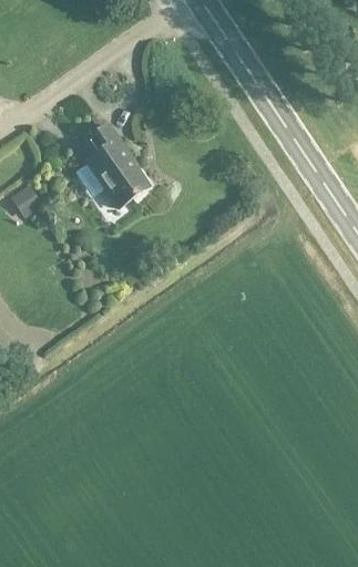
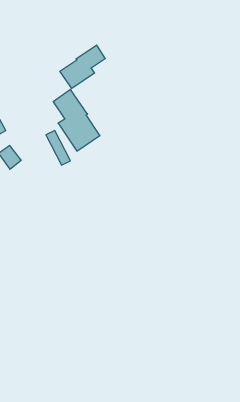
building: none -> [60,45,105,89]

